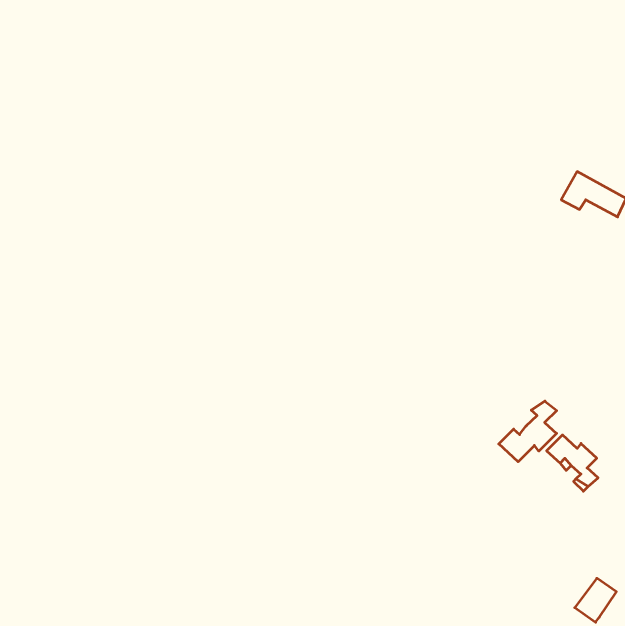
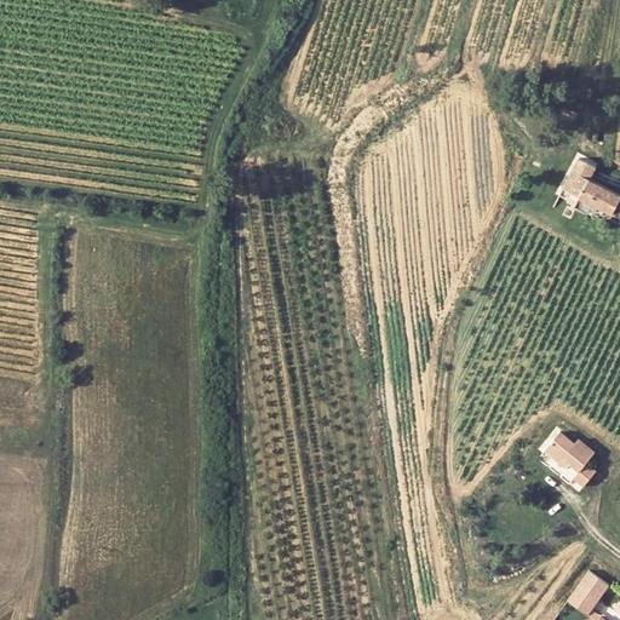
building: [499,401,557,462] -> none

